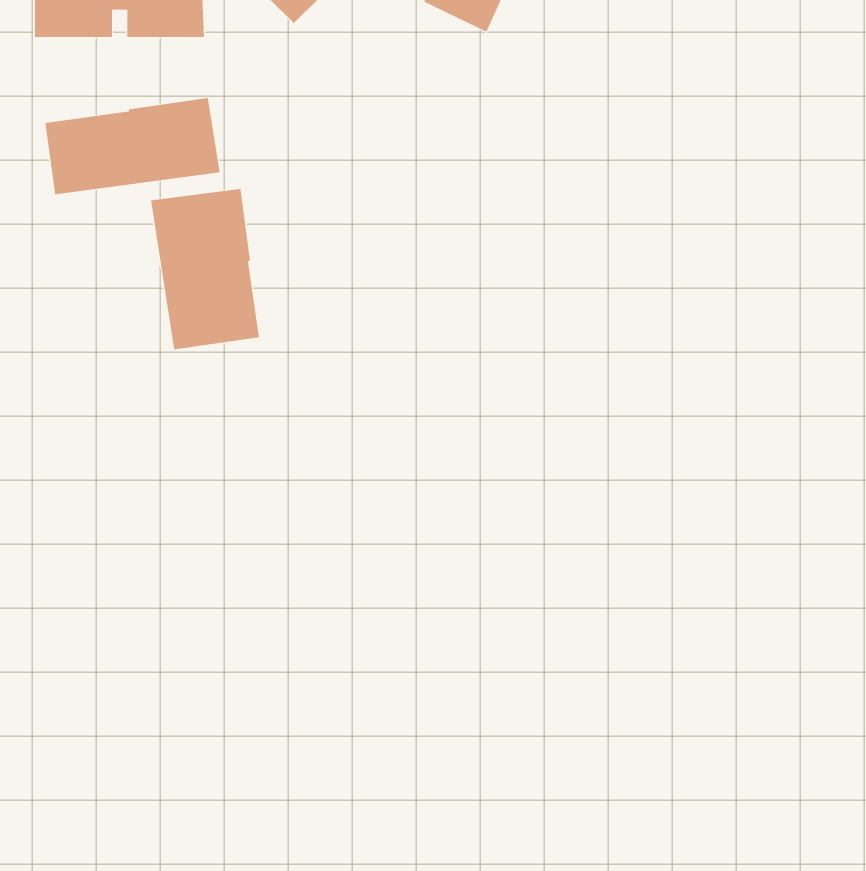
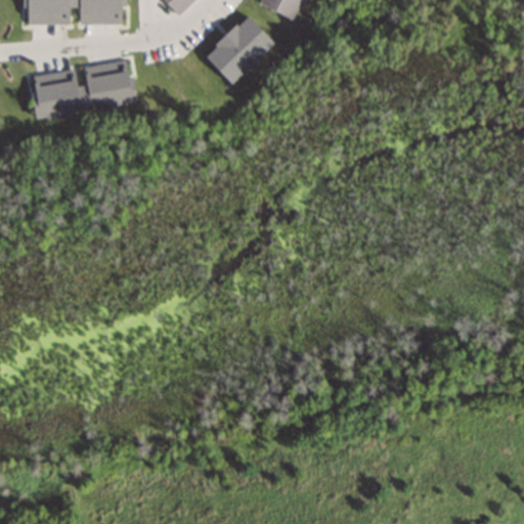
building: none -> [205,13,275,83]
building: [151,188,260,350] -> none

